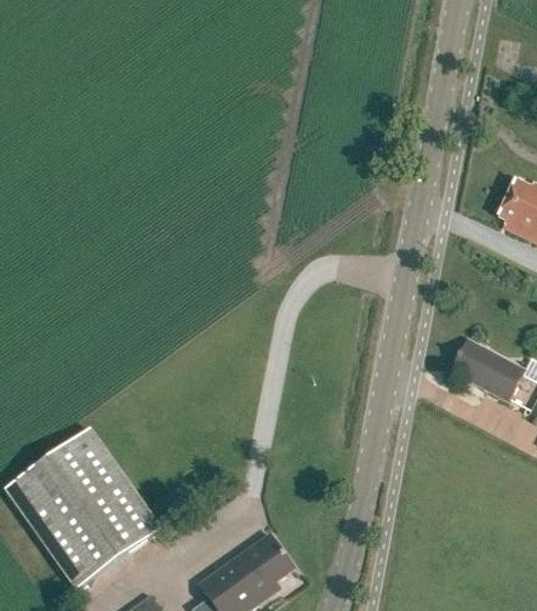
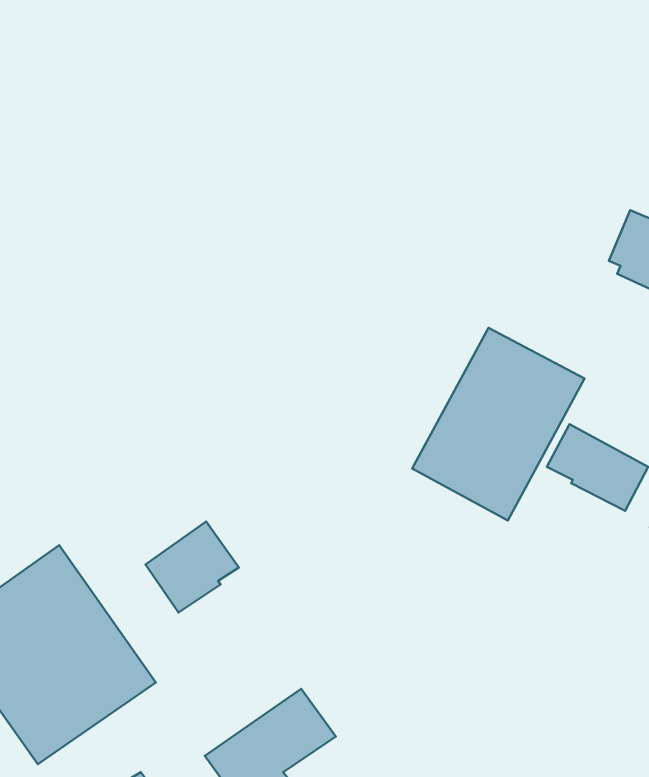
building: none -> [412,328,584,520]
building: none -> [145,521,239,612]

